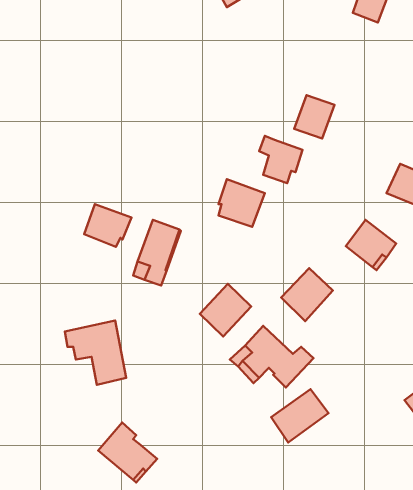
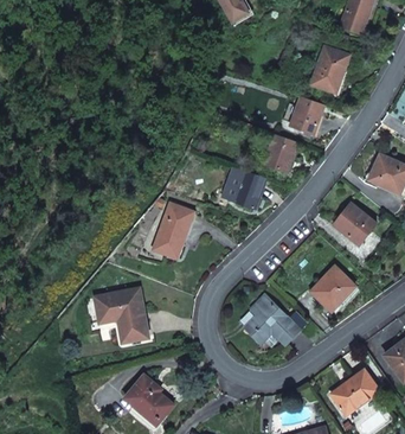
building: none -> [311,47,349,92]
building: [84,204,132,247] -> none
building: [281,268,333,321] -> [311,267,355,312]
building: [200,284,251,337] -> none
building: [271,389,329,442] -> [332,370,380,415]

